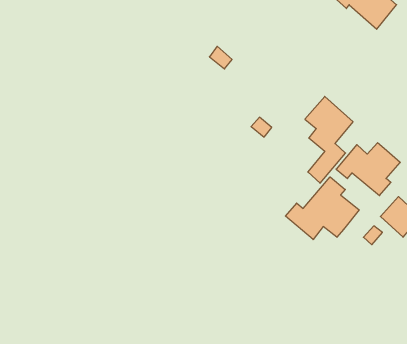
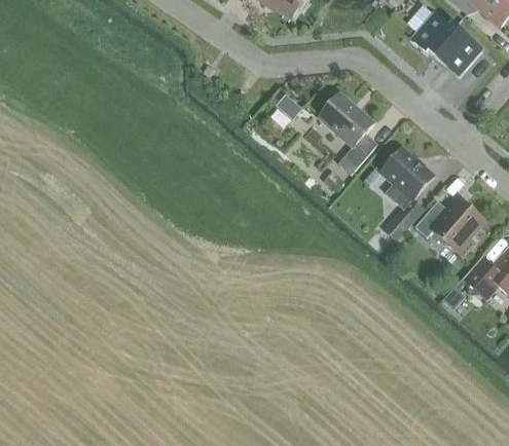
building: none -> [319,94,377,175]
building: [285,177,359,240] -> none

